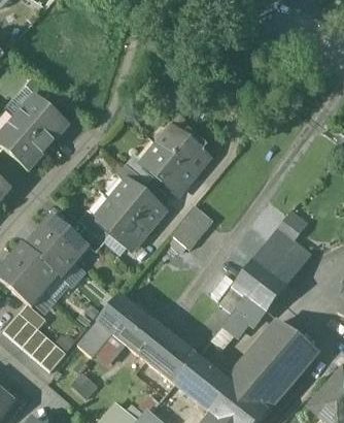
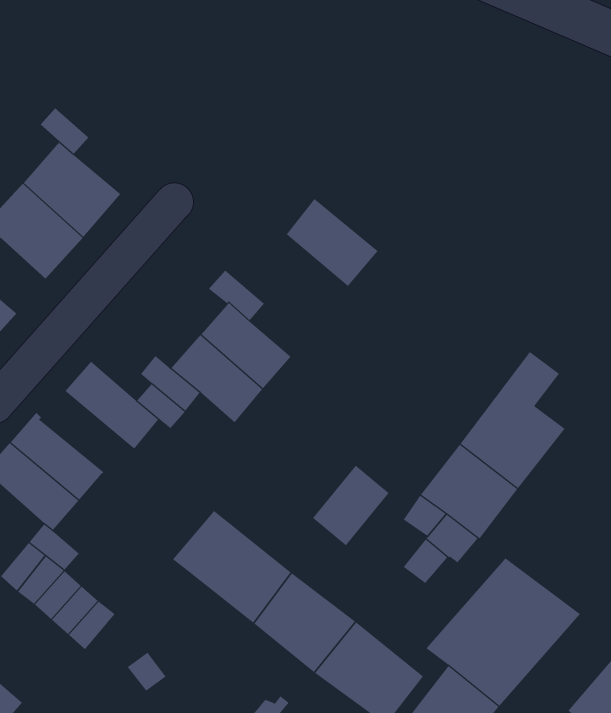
building: [143,143,193,191] -> none
building: [170,203,212,248] -> [312,465,390,546]
building: [25,229,76,278] -> none
building: [77,321,109,356] -> none

